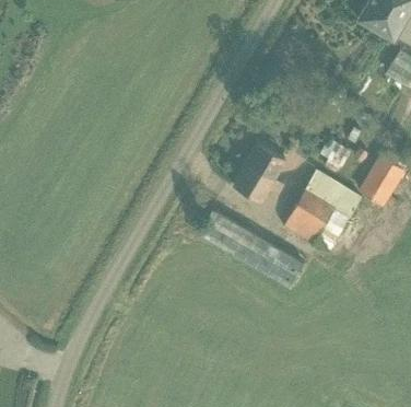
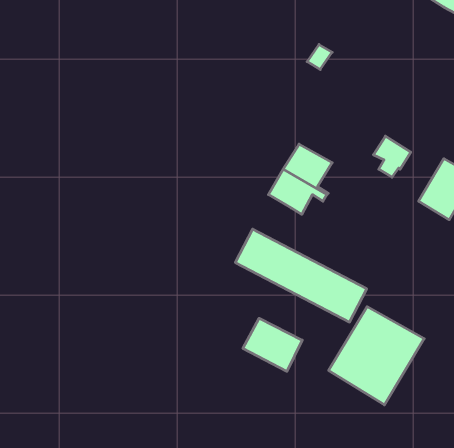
building: [282,168,361,249] -> [329,307,424,405]
building: none -> [243,318,302,371]

